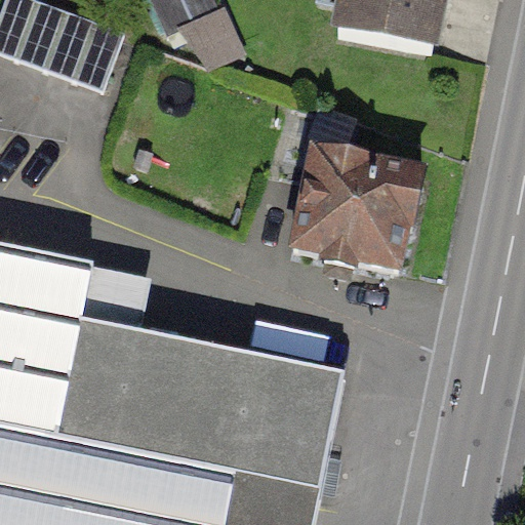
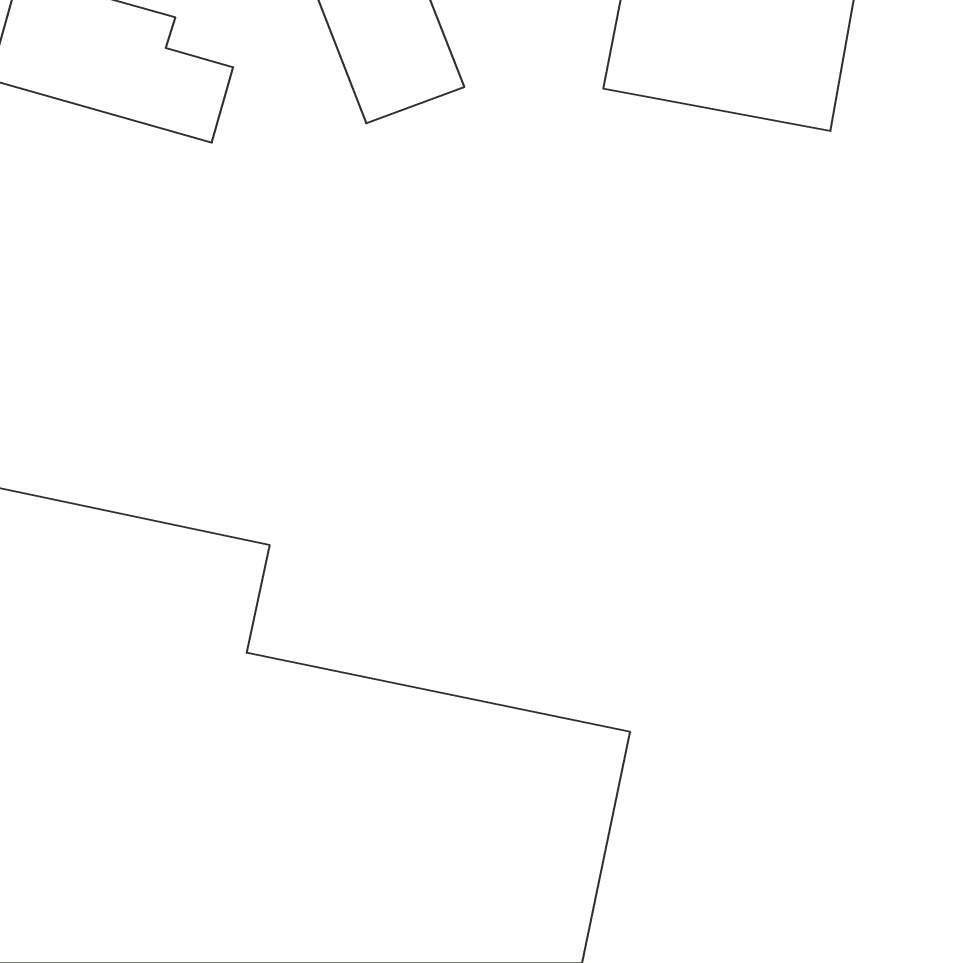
building: [290,134,428,257] -> none

